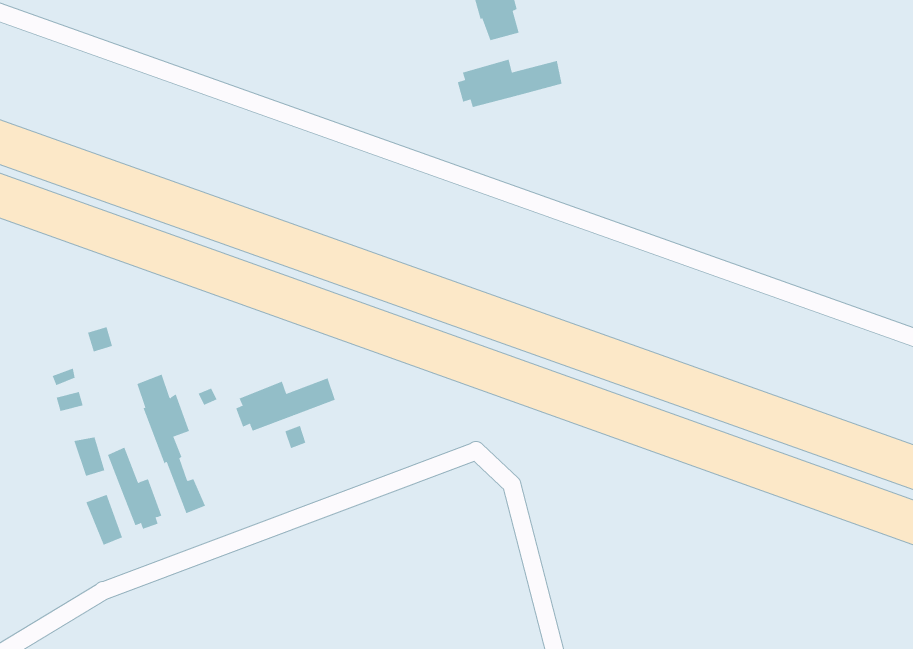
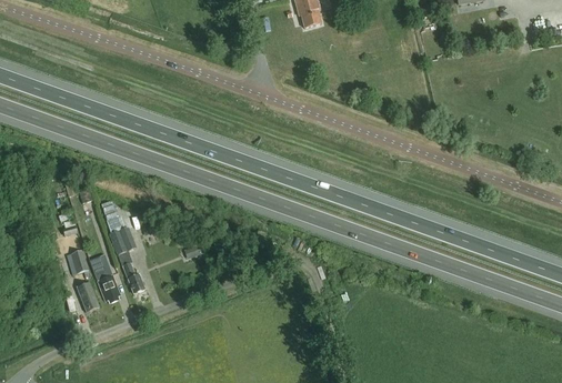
building: [457,59,562,108] -> none
building: [235,377,335,431] -> none

